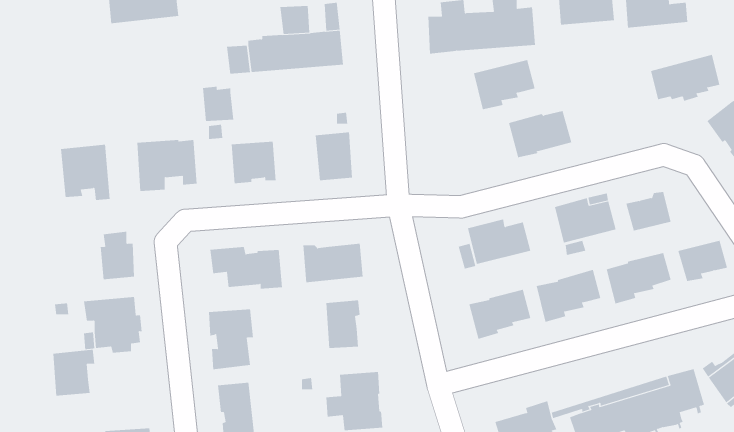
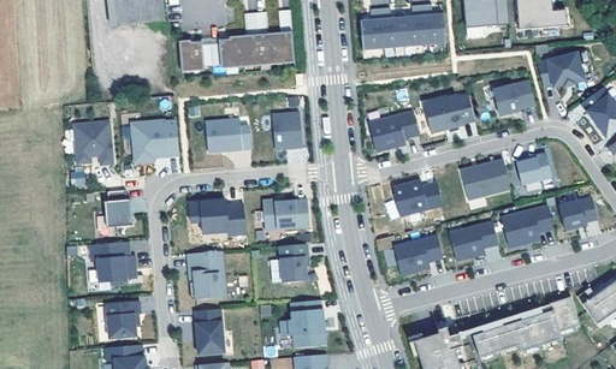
building: [473,59,536,110] -> [369,112,419,151]
building: [202,86,234,121] -> [179,40,205,67]
building: none -> [493,81,535,115]
building: [52,349,95,396] -> [107,302,141,339]

